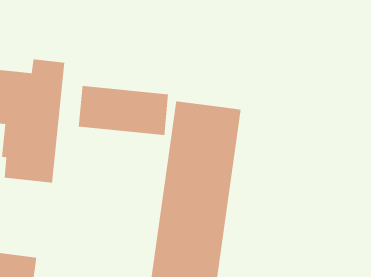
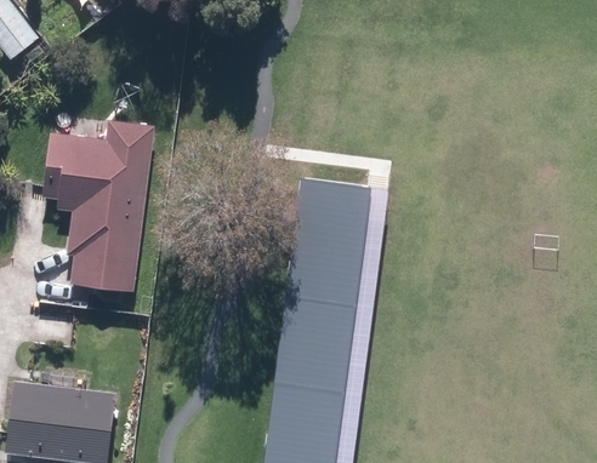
building: [78,85,169,136] -> none

